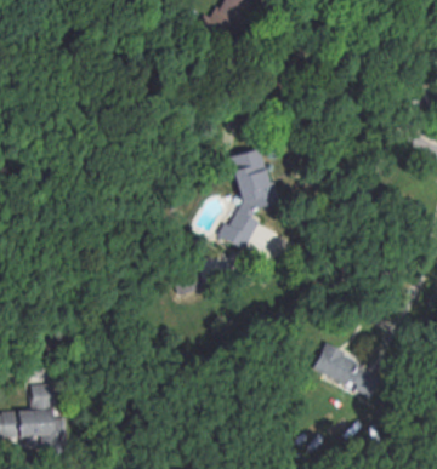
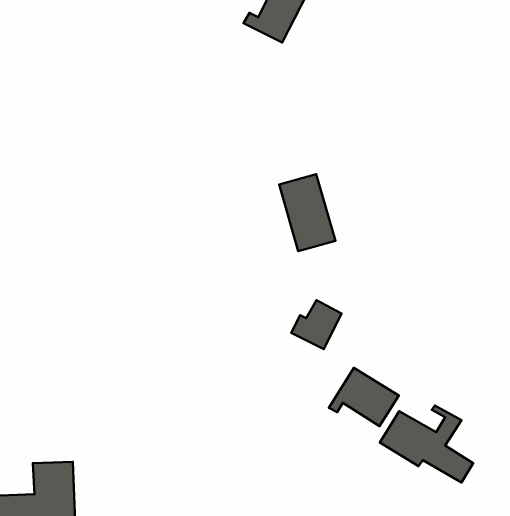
building: [216,208,257,248] -> [291,300,342,349]
building: none -> [329,368,399,426]

